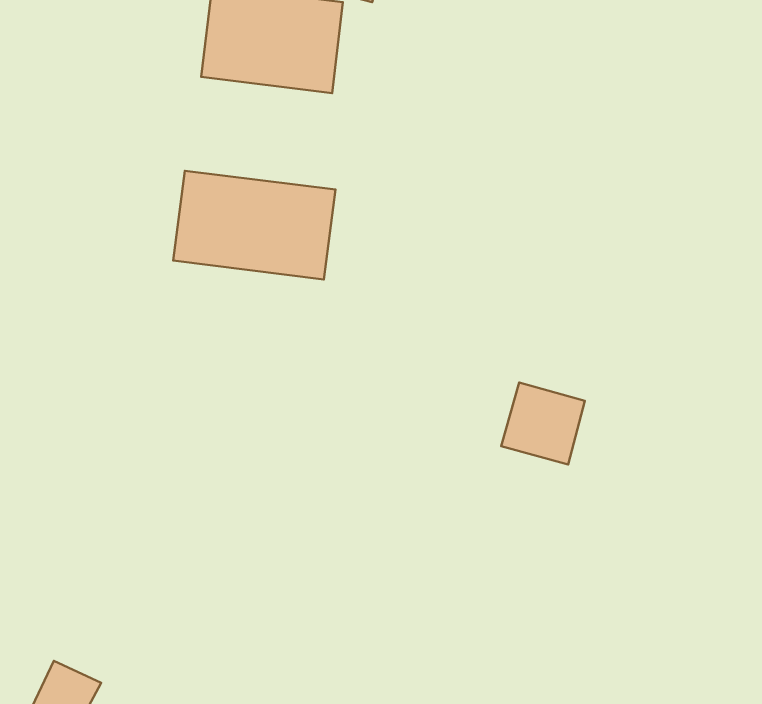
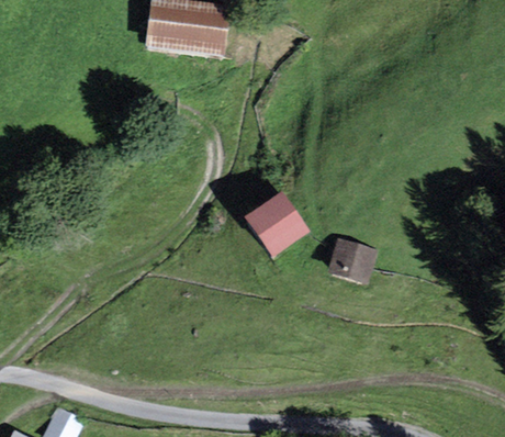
building: [173,171,336,279] -> none
building: none -> [243,191,312,260]

